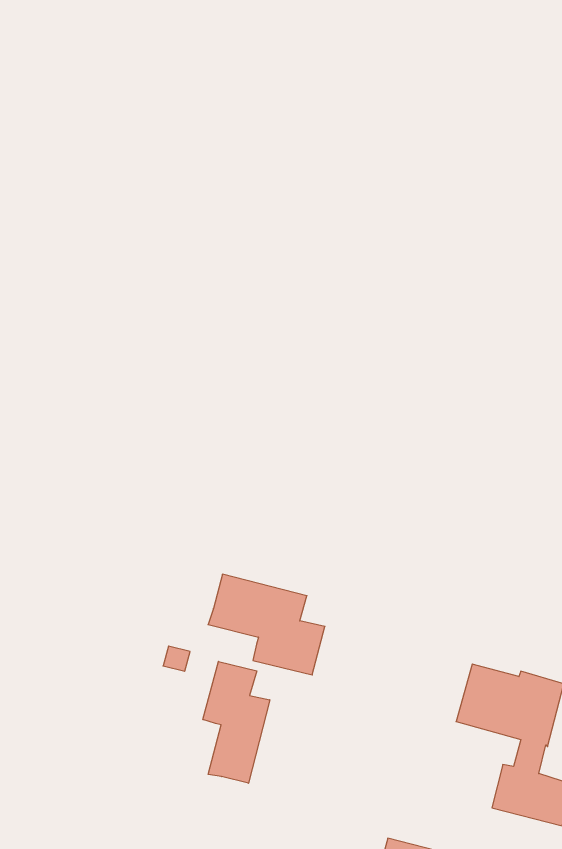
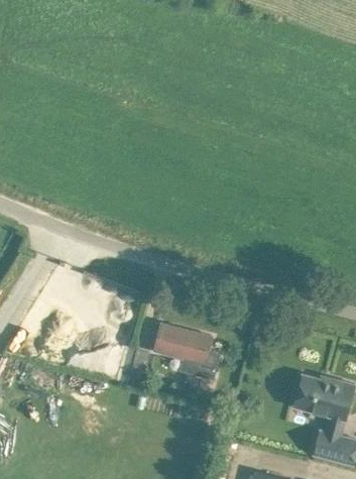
building: [203,661,270,783] -> none

